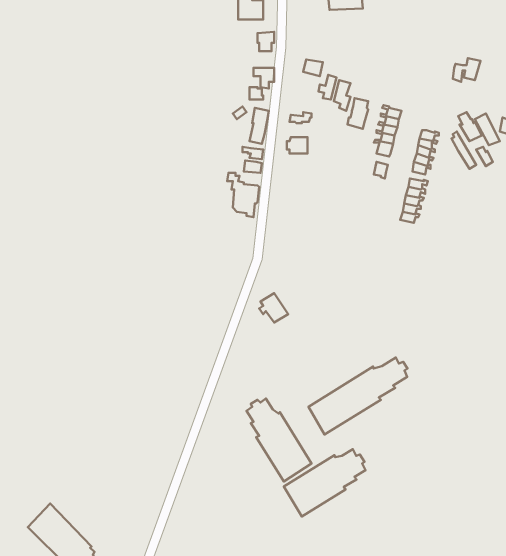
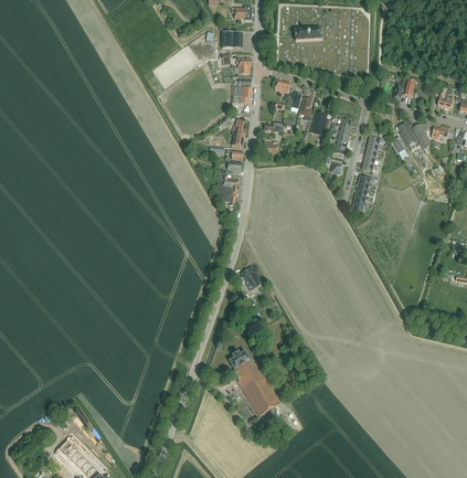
building: [308,358,408,434] -> none
building: [284,449,365,517] -> none

